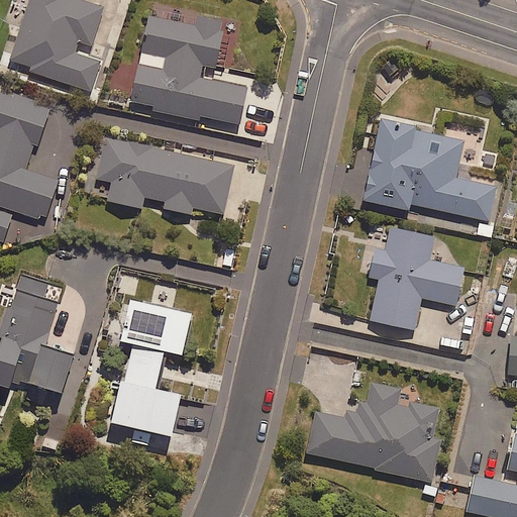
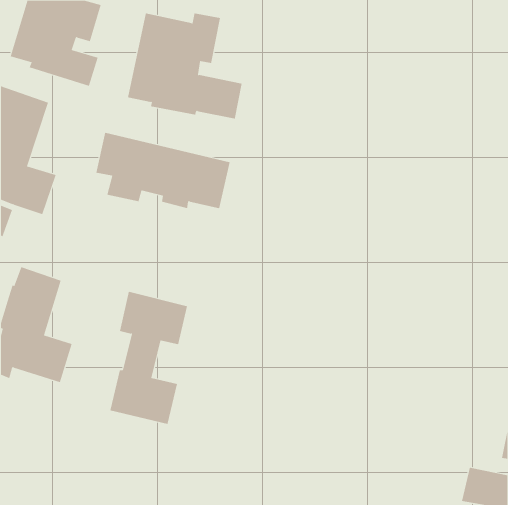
building: [365,119,497,221] -> none
building: [370,227,463,329] -> none
building: [305,383,440,481] -> none

